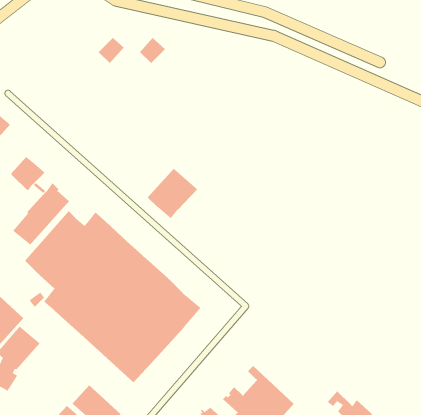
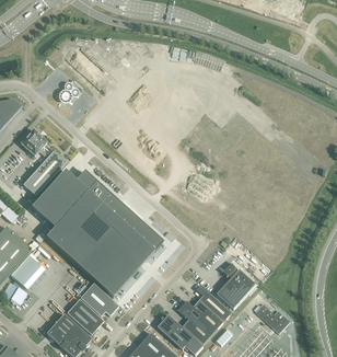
building: [147,168,198,219] -> none
building: none -> [217,263,255,308]
building: none -> [79,281,118,315]

